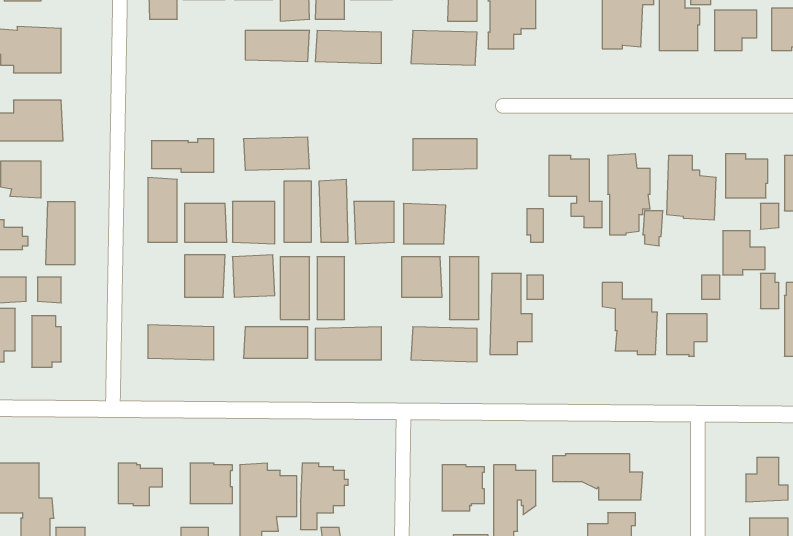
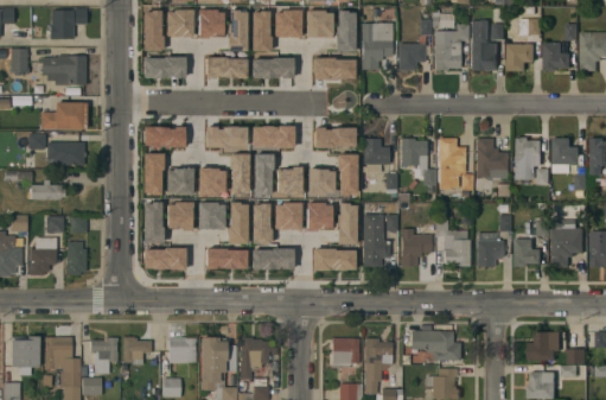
building: none -> [398,43,426,70]
building: none -> [143,57,185,78]
building: none -> [250,125,294,147]
building: none -> [363,138,389,164]
building: none -> [337,154,357,195]
building: [46,202,75,264] -> [142,202,161,242]
building: [723,231,765,275] -> [515,239,542,267]
building: none -> [273,202,301,229]
building: none -> [401,226,432,266]
building: none -> [90,337,119,372]

